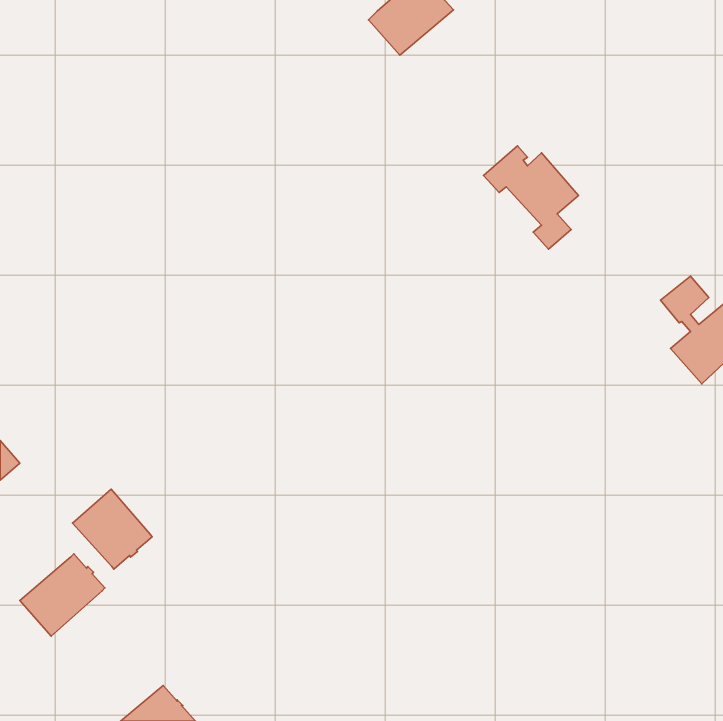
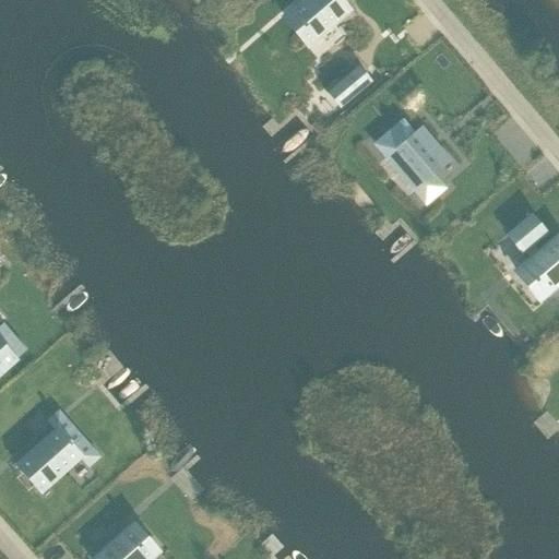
building: none -> [326,64,372,107]
building: [72,489,152,569] -> none

